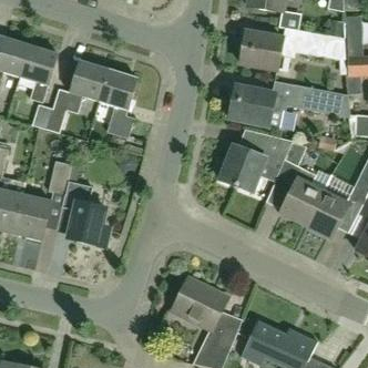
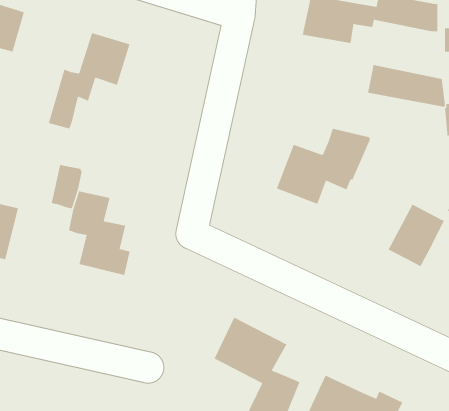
building: [19,44,58,102] -> none
building: [99,69,137,139] -> none
building: [228,84,287,129] -> none
building: [278,141,324,226] -> none
building: [13,194,50,241] -> none

